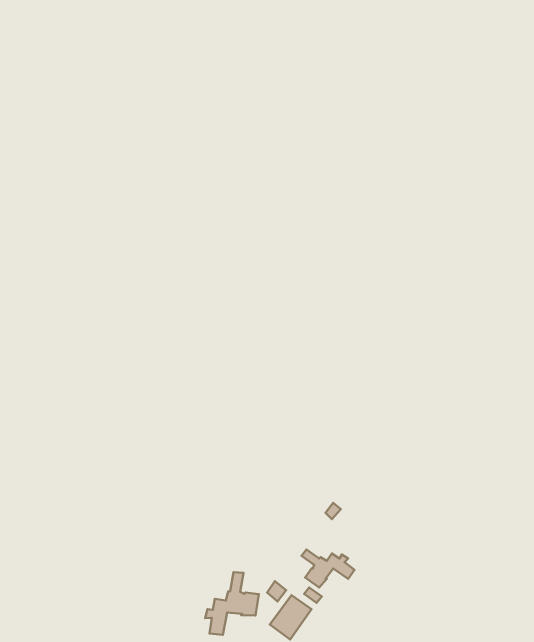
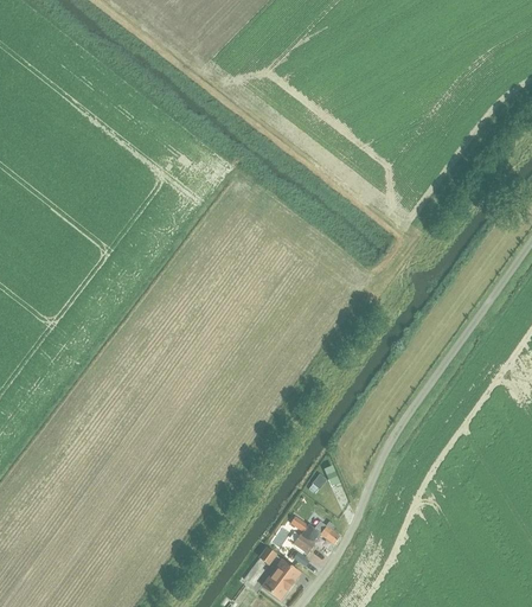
building: [205,572,259,635] -> none

